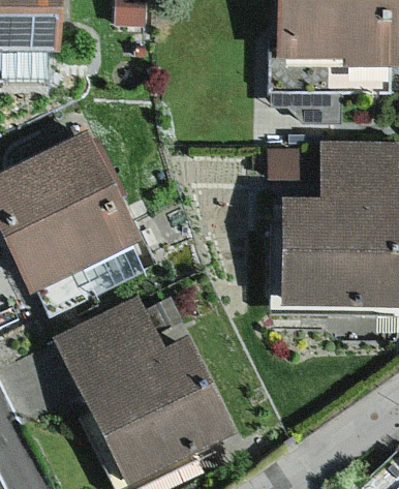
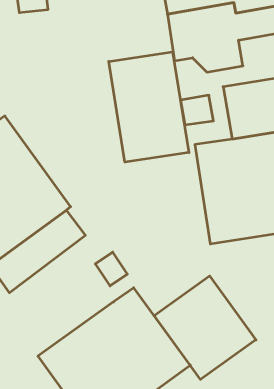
building: none -> [109,52,189,162]
building: [51,296,165,391] -> none
building: none -> [154,276,256,379]

